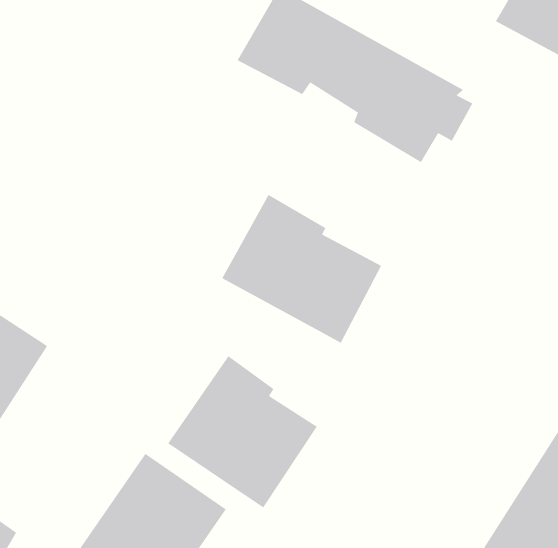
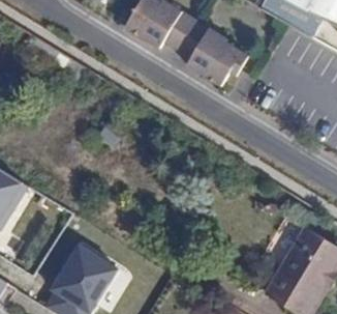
building: [221,194,382,344] -> none
building: [167,355,318,509] -> none

